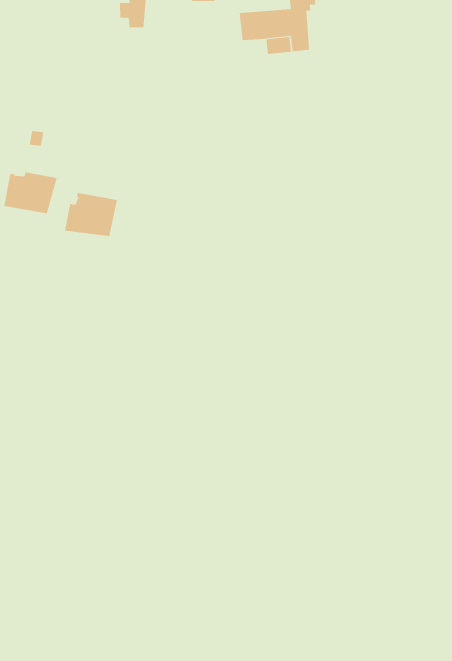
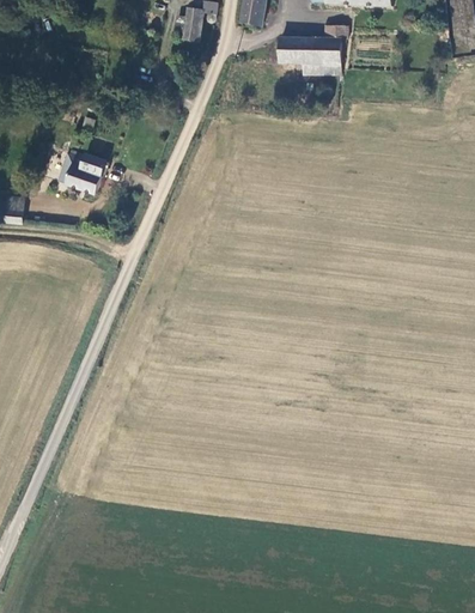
building: [65,192,117,237] -> none

